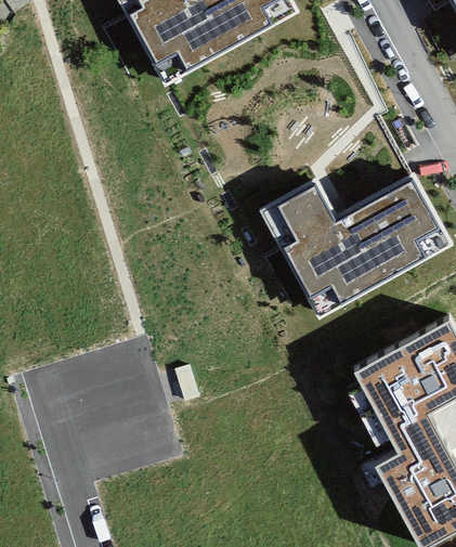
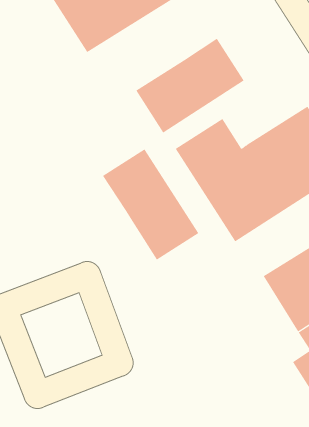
building: none -> [136,38,244,133]
building: none -> [102,148,199,260]

